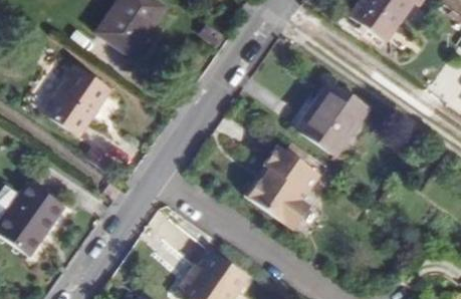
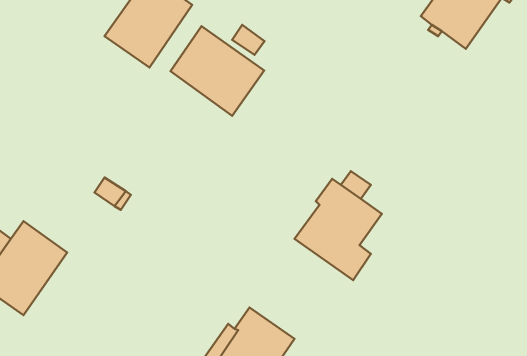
building: none -> [171,26,264,116]
building: [44,66,109,135] -> none
building: [296,80,369,156] -> none

